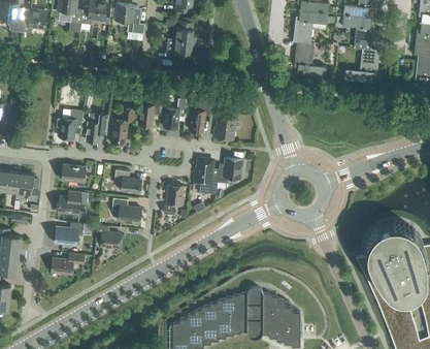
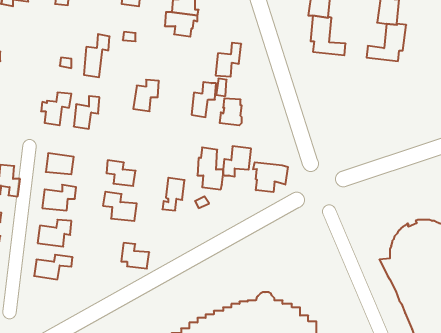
building: [164,98,187,128] -> [216,43,241,77]
building: [111,106,134,145] -> [84,34,110,77]
building: none -> [253,162,288,192]
building: [96,225,121,248] -> [121,243,149,269]

